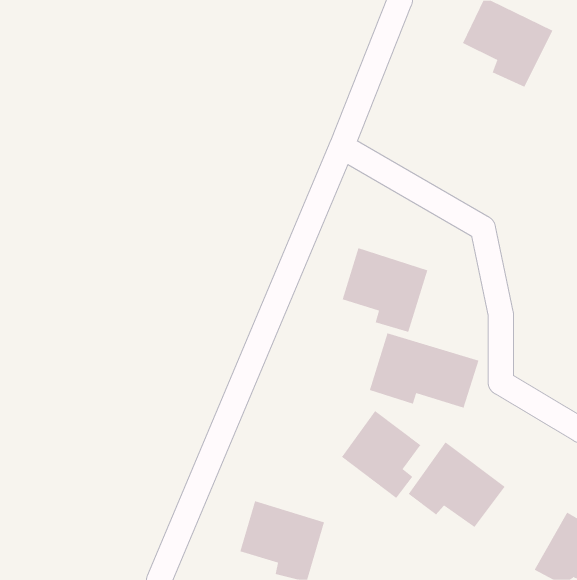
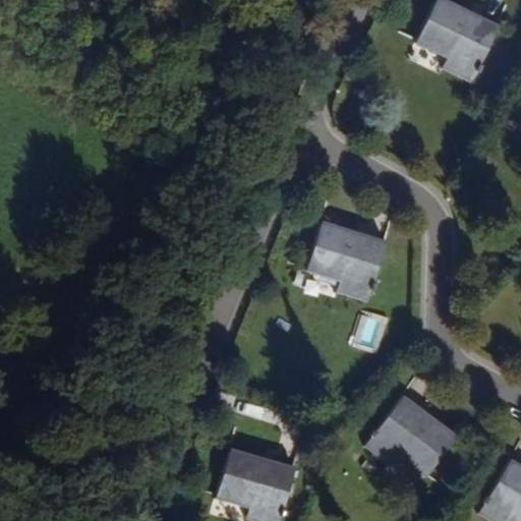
building: [369,333,479,408] -> none
building: [341,410,421,499] -> none

